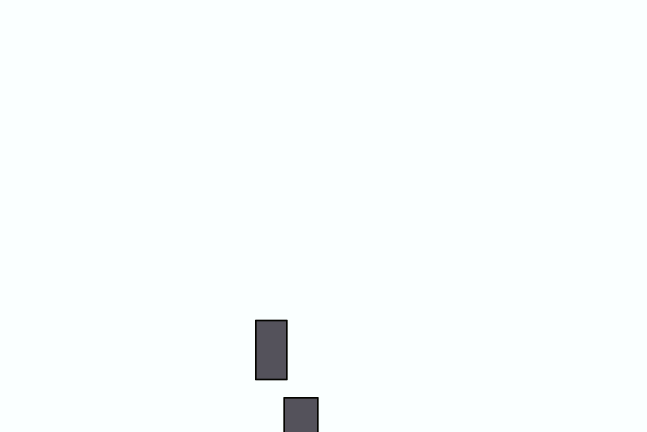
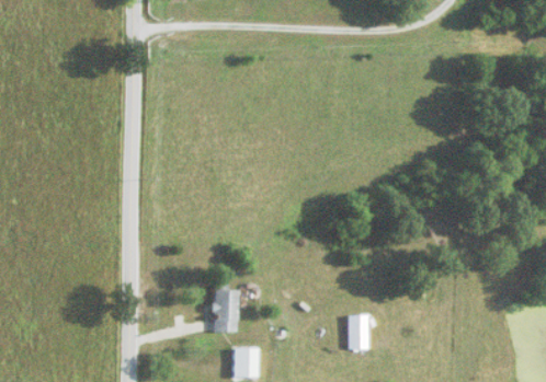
building: none -> [348,316,366,350]

